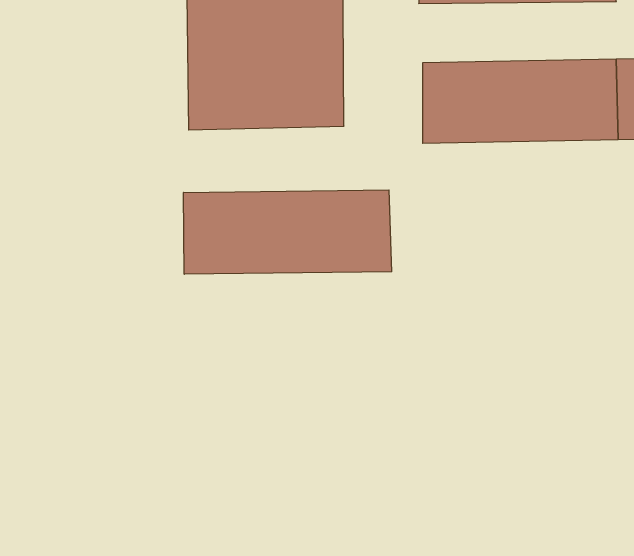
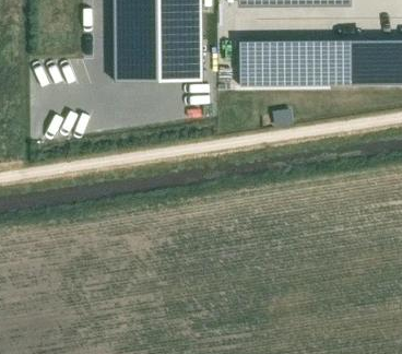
building: [184,190,392,274] -> none

